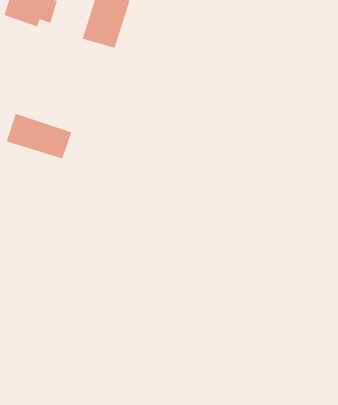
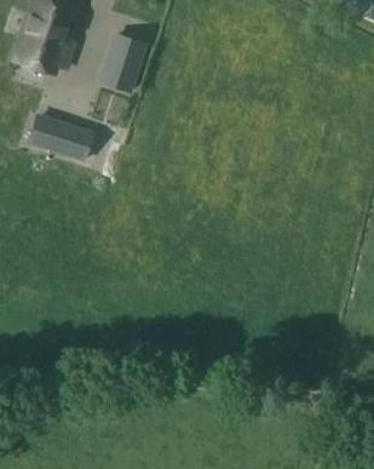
building: [6,113,72,159] -> [27,113,94,160]

